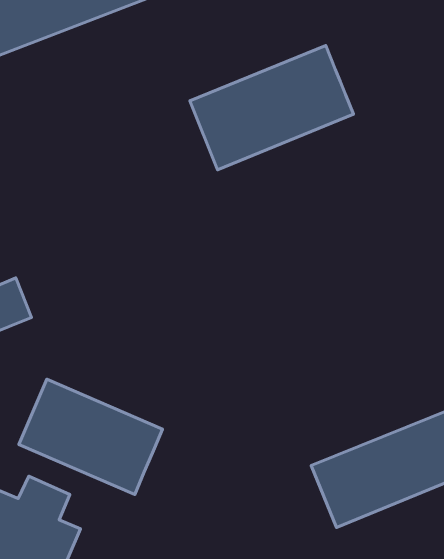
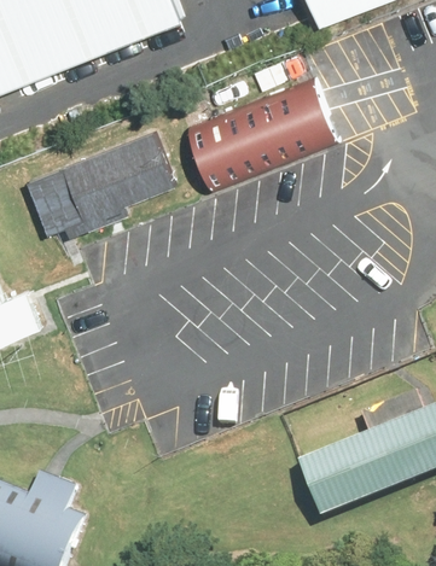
building: none -> [25,132,175,235]
building: [19,379,163,495] -> none

